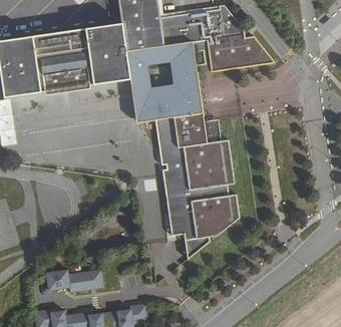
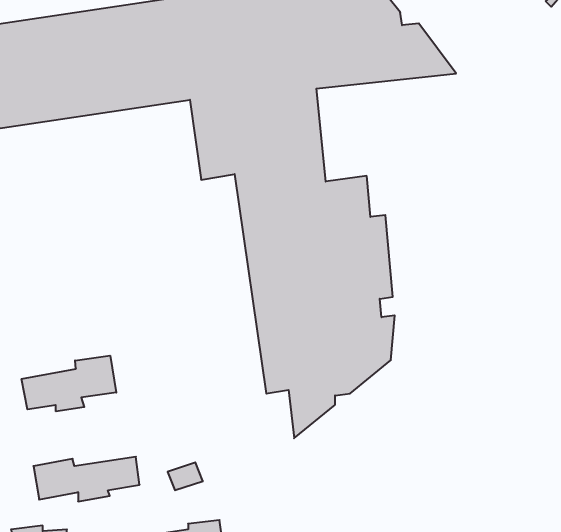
building: none -> [22,356,116,411]

